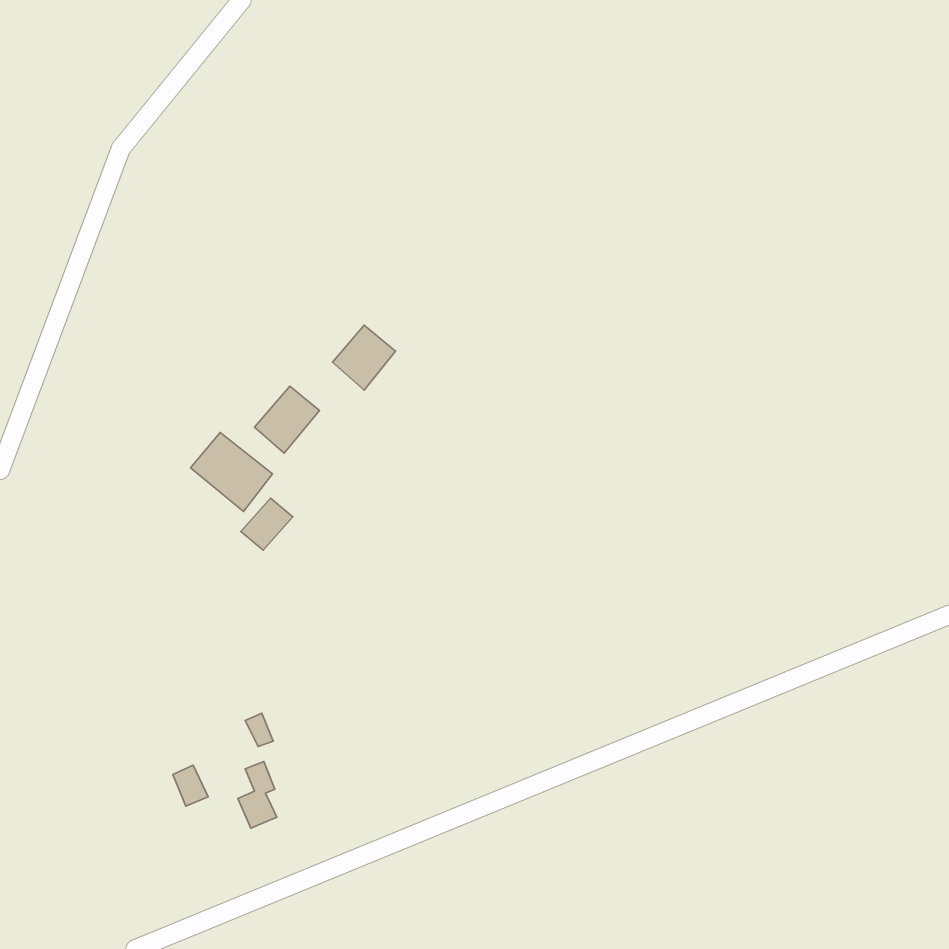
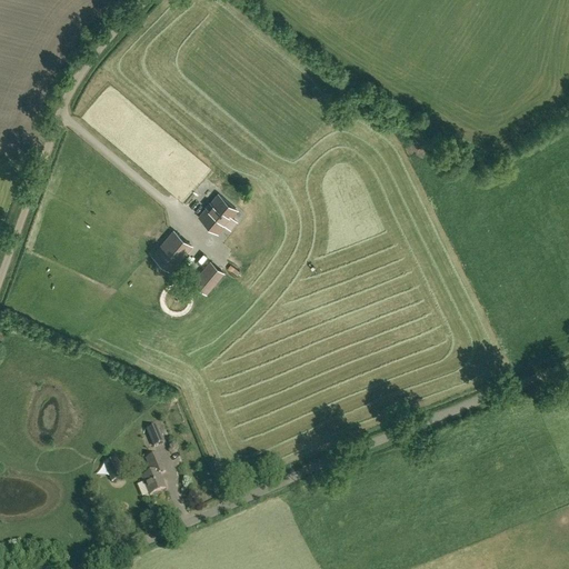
building: [190,432,273,511] -> none
building: [241,498,293,550] -> [192,262,223,293]

